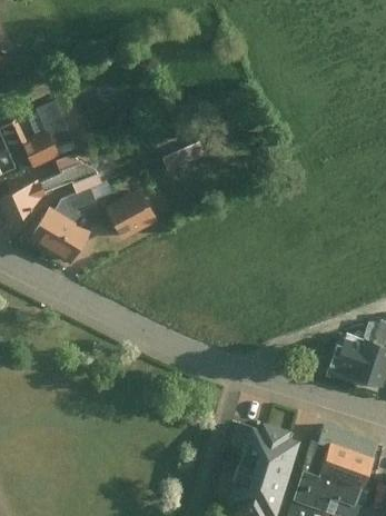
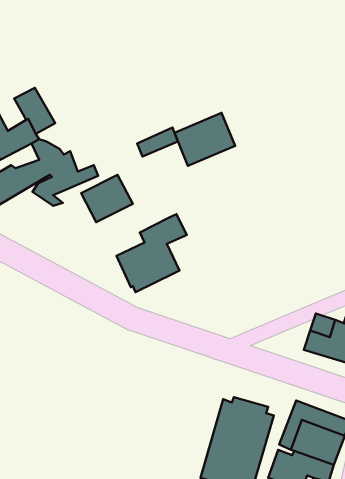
building: none -> [175,113,235,166]
building: [26,206,85,262] -> none
building: none -> [116,214,187,292]

